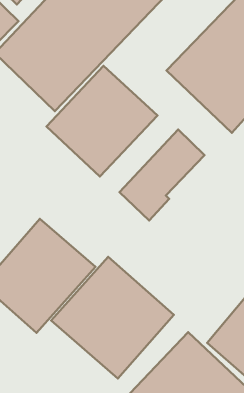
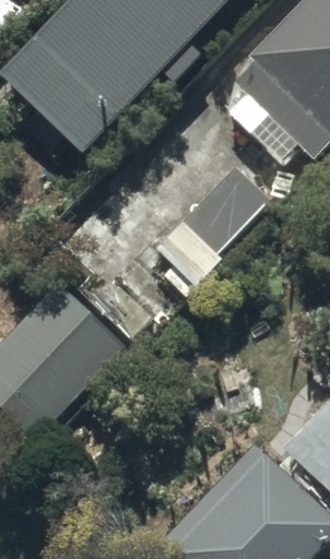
building: [47,66,157,177] -> none
building: [51,257,174,378] -> none

